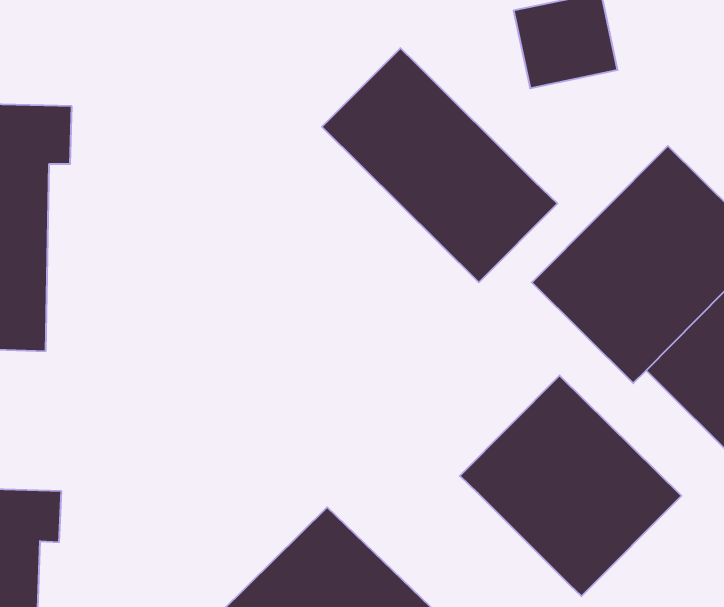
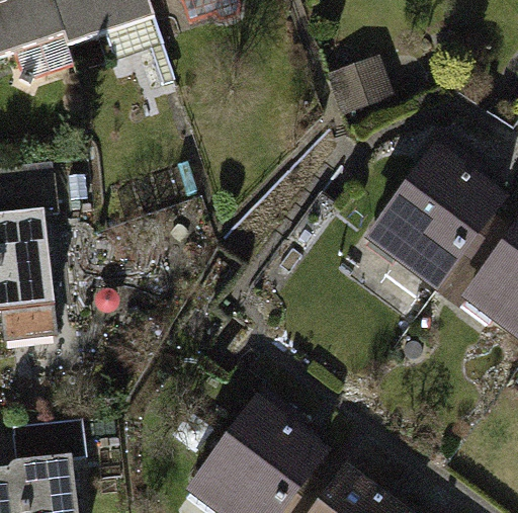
building: [322,48,557,282] -> none
building: [460,375,681,596] -> none

